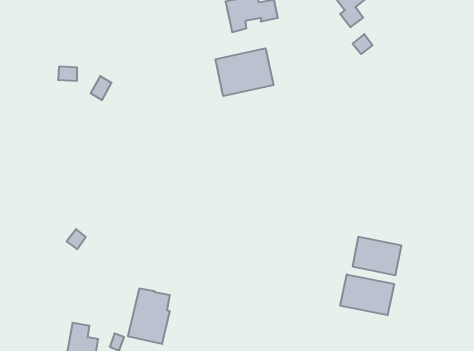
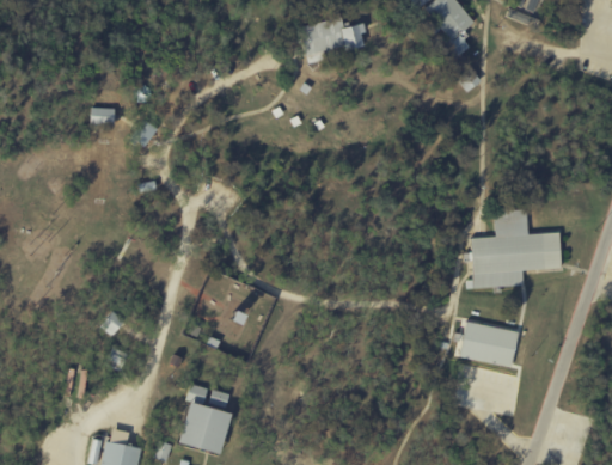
building: [215,48,273,96] -> none
building: none -> [471,208,561,287]
building: [340,274,394,315] -> none

